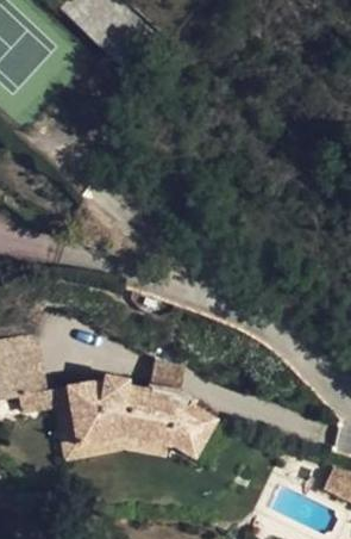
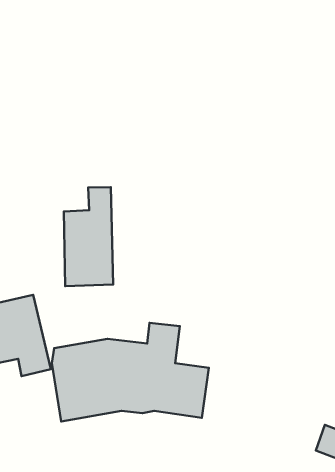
building: none -> [64,187,113,286]

